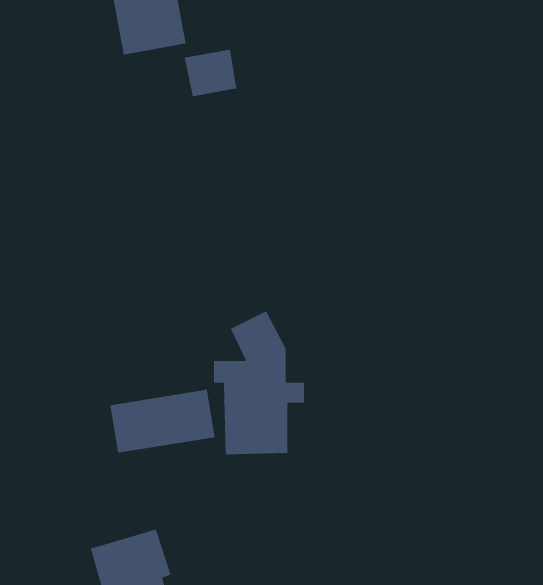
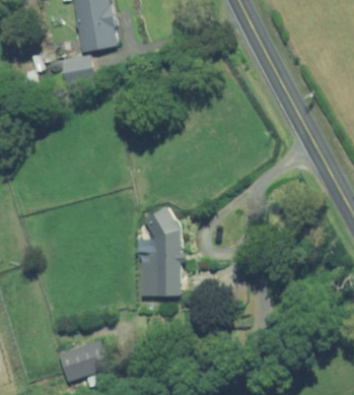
building: [184,49,237,97] -> [61,56,93,85]
building: [109,389,216,454] -> none

